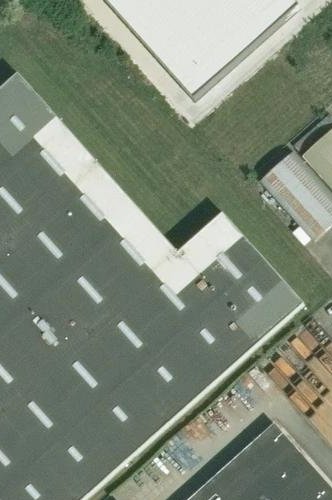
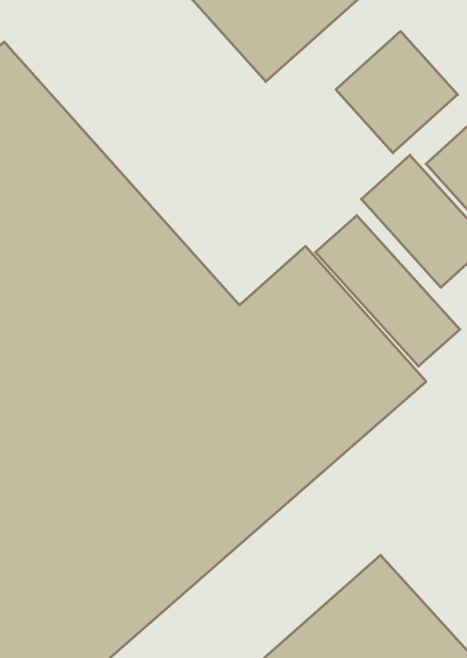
building: none -> [336,31,458,153]
building: none -> [315,215,460,366]

